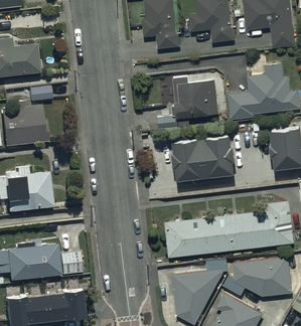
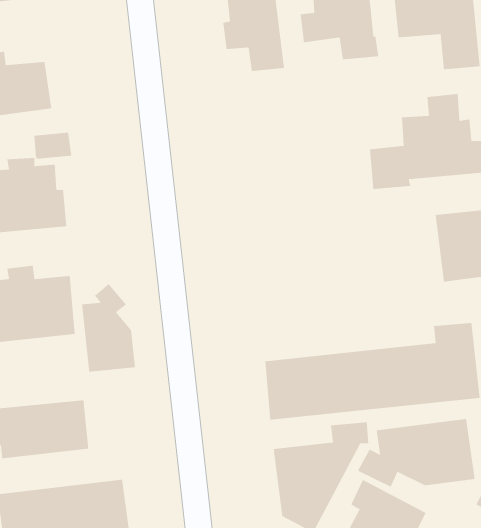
building: [172,75,218,118] -> none
building: [171,139,233,185] -> none
building: none -> [82,283,135,372]

